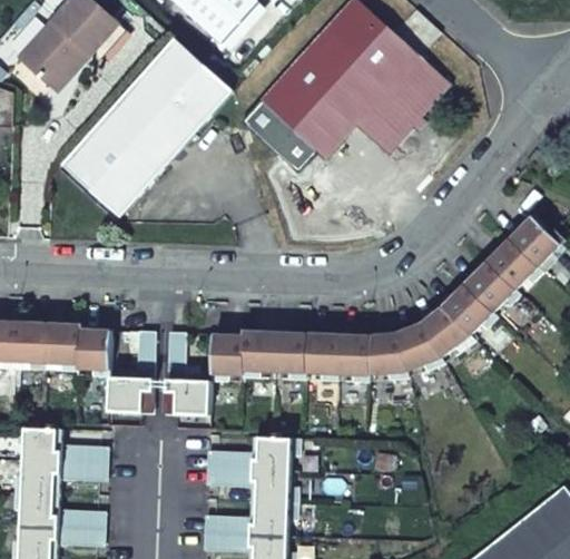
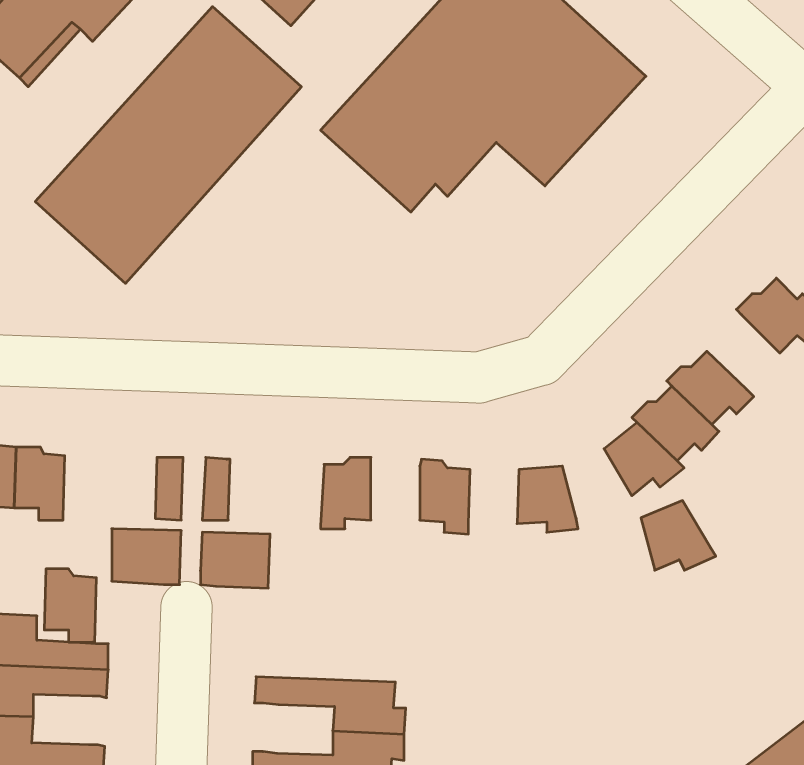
building: [487,237,542,285] -> none
building: [397,323,445,367] -> [641,501,716,570]
building: [78,327,111,374] -> [44,569,96,642]
building: [275,328,306,376] -> none
building: [337,331,370,379] -> none
building: [210,332,245,379] -> none
building: [202,438,298,472] -> none

